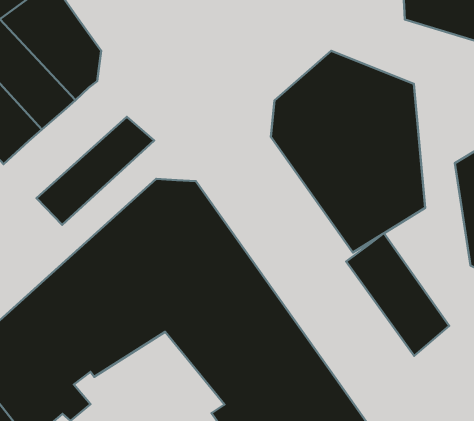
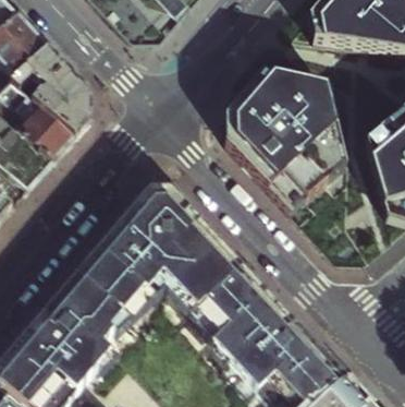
building: [37,117,154,225] -> none
building: [346,233,449,356] -> none

